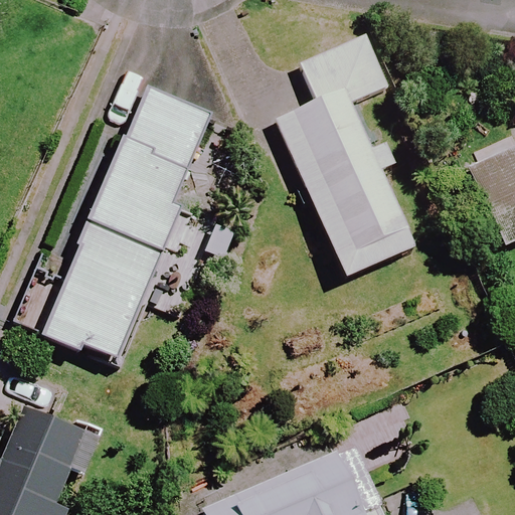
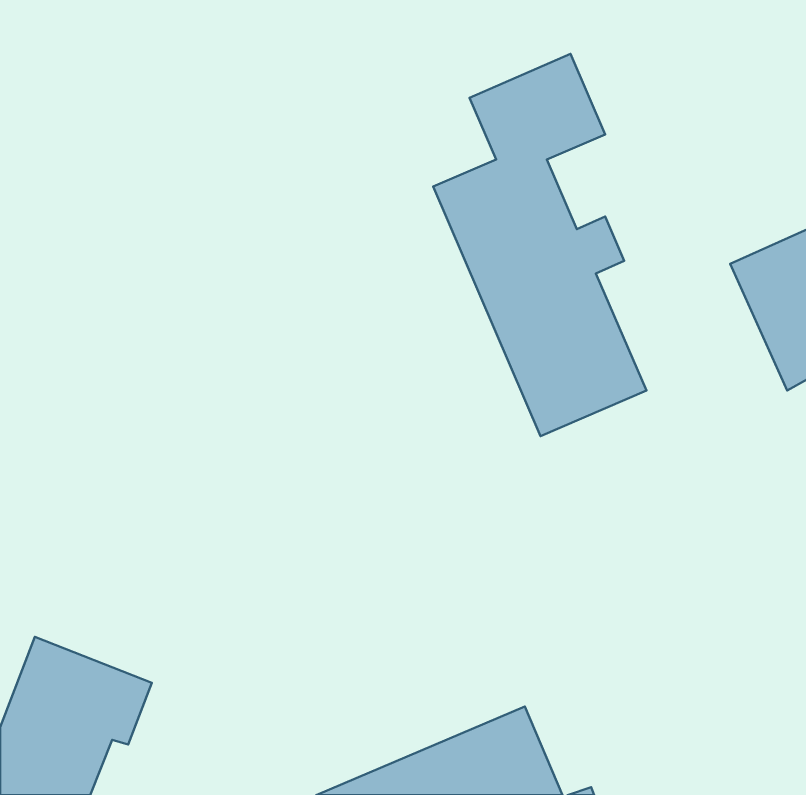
building: [43,88,208,364] -> none

